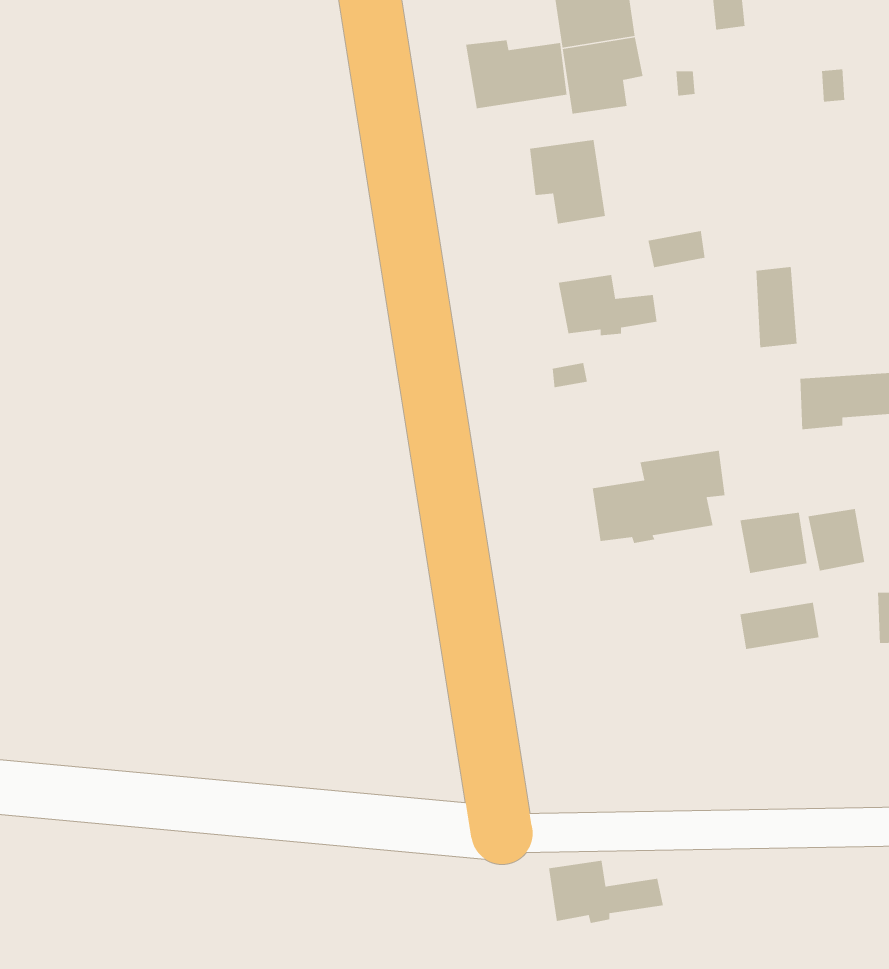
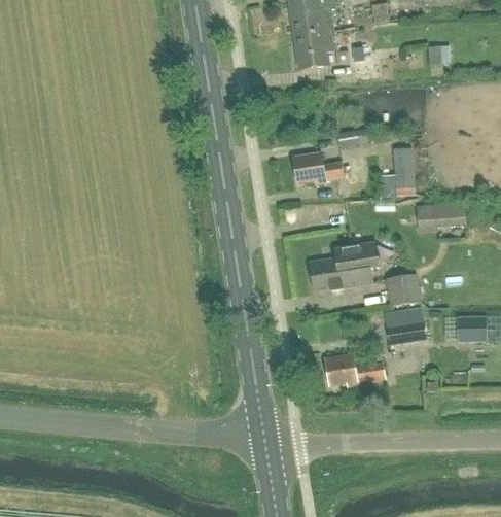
building: [465,39,568,109] -> none
building: [529,139,606,225] -> none
building: [807,508,865,571] -> none
building: [548,860,664,924] -> [325,353,385,386]

